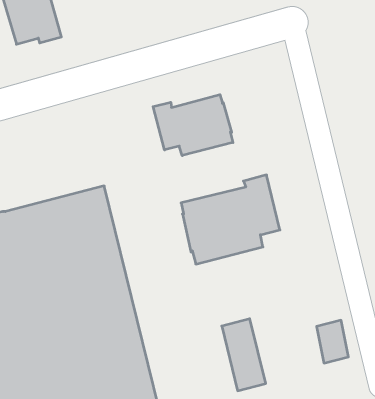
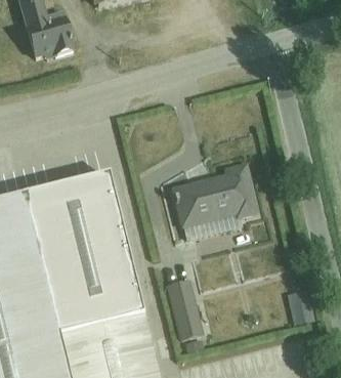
building: [153,95,233,156] -> none
building: [222,319,266,391] -> [167,276,204,336]

